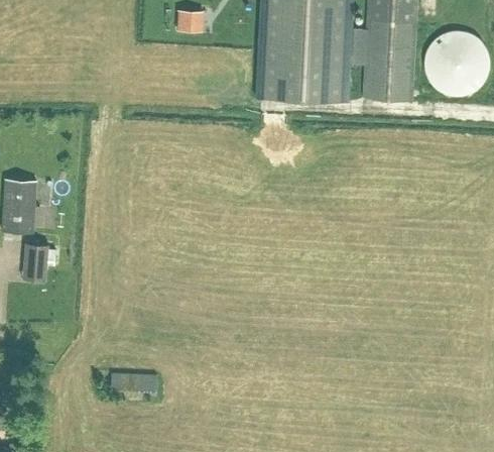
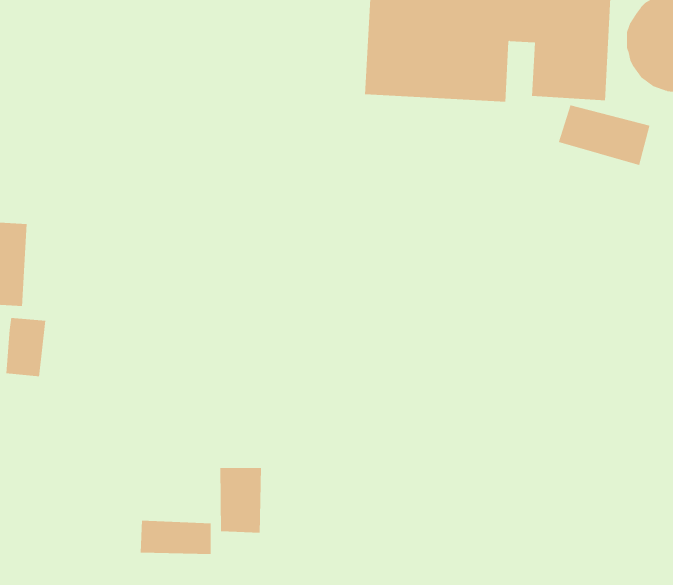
building: none -> [558,104,650,166]
building: none -> [220,467,261,533]

